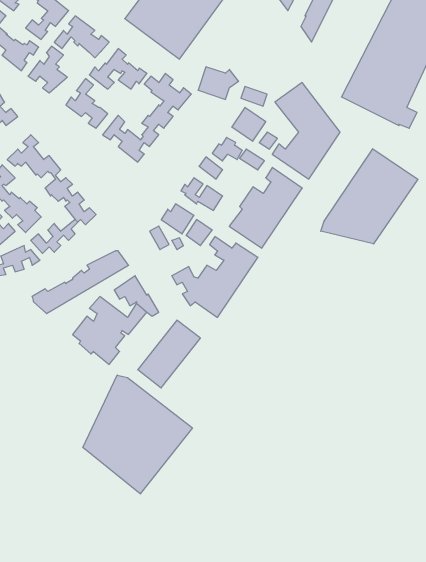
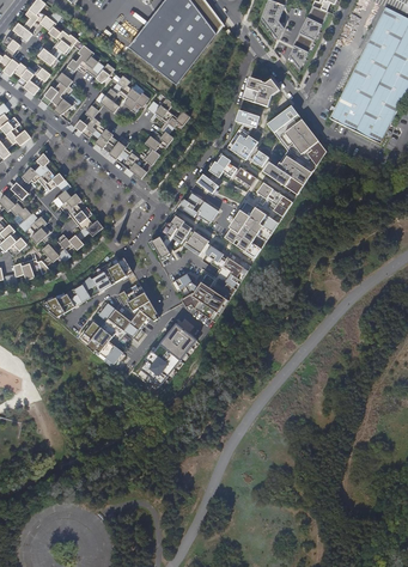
building: [198,67,239,99] -> [242,77,279,106]
building: [321,149,418,244] -> none
building: [83,375,192,494] -> none

